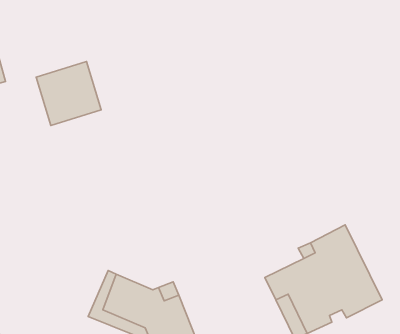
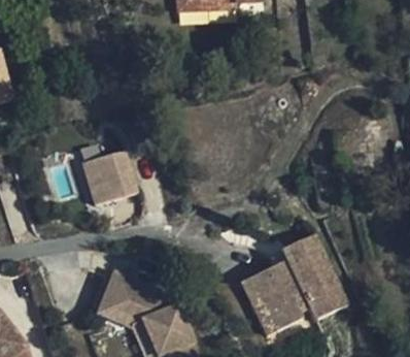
building: [36,62,101,125] -> [80,148,140,206]

